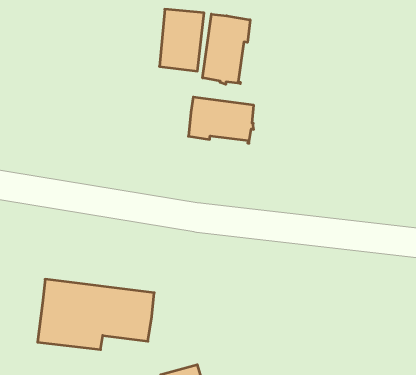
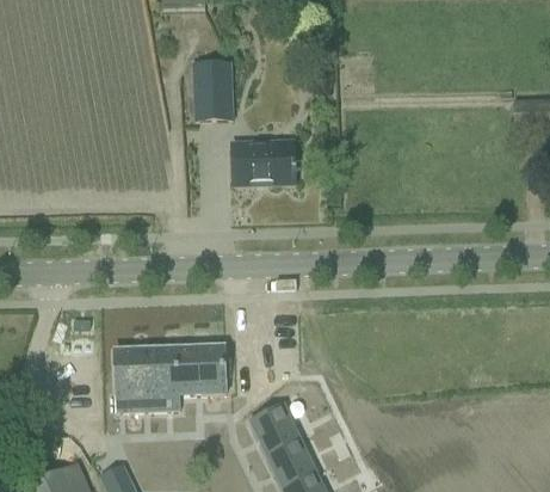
building: [203,14,250,84] -> none

